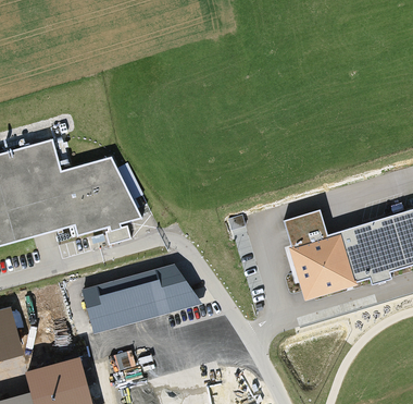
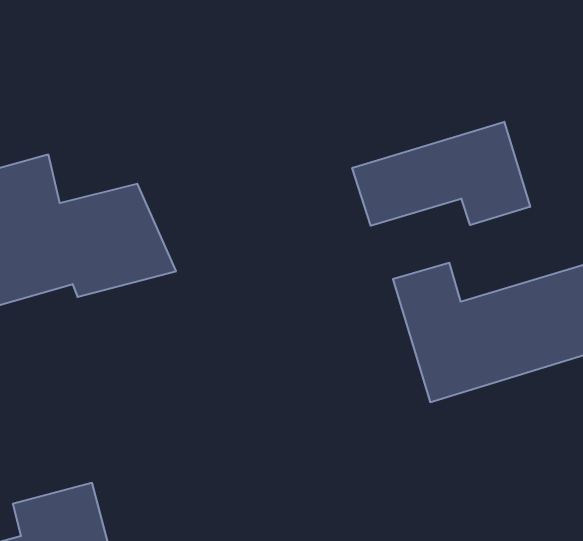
building: none -> [352,122,530,226]
building: [83,266,204,334] -> none

